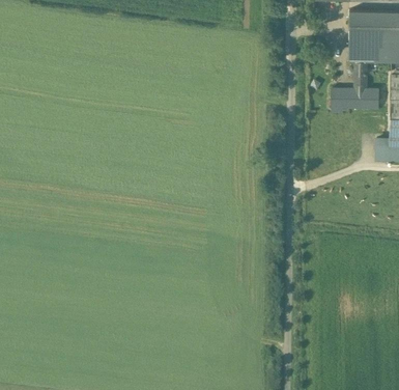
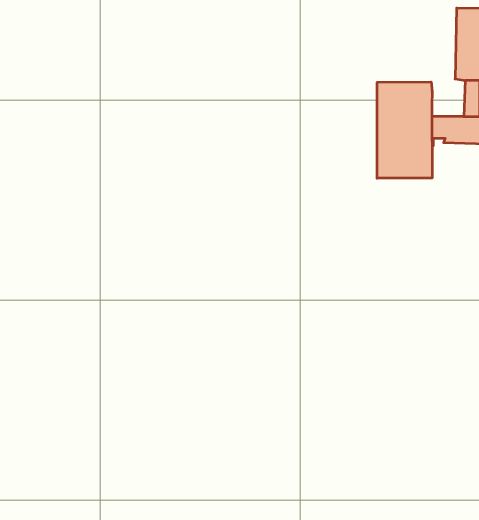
building: none -> [377,82,432,178]

